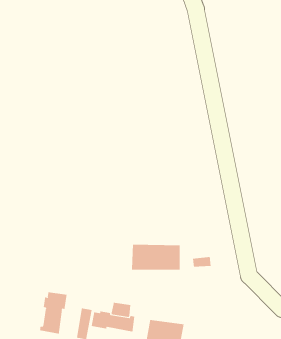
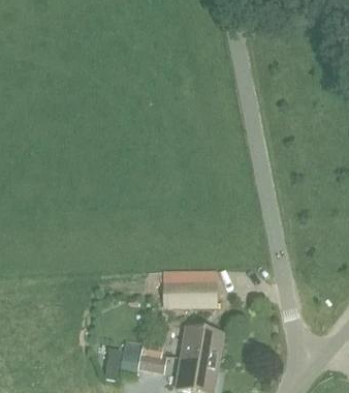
building: none -> [181,328,223,364]
building: [40,292,67,334] -> none

